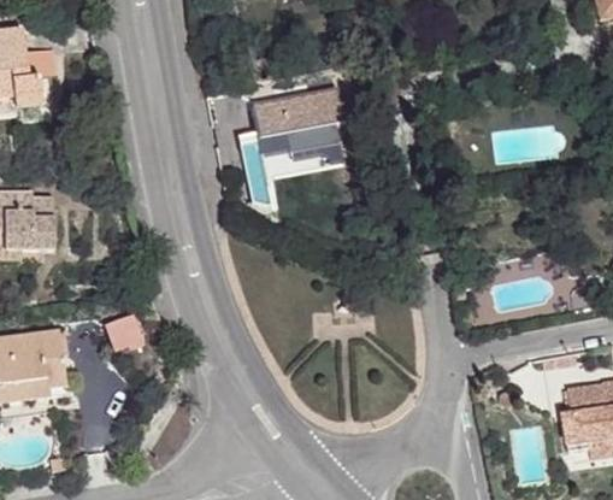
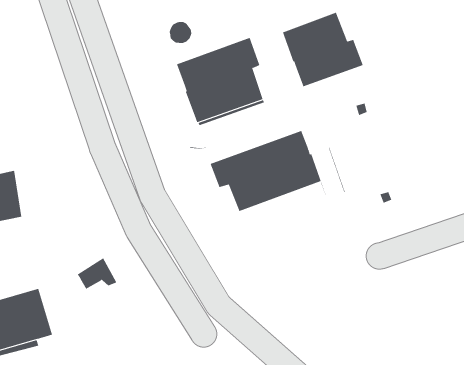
building: none -> [264,8,363,87]
building: none -> [210,130,346,212]

